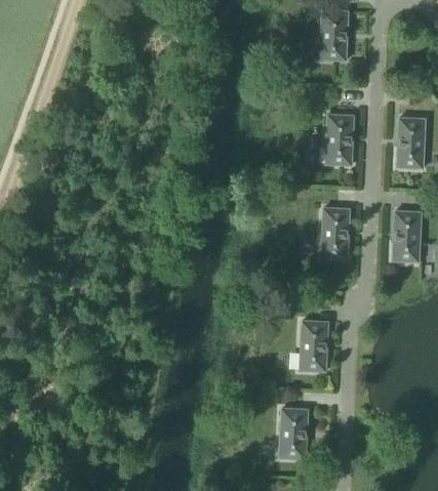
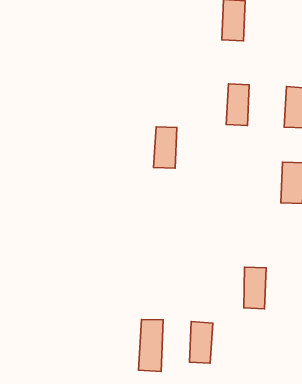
building: [320,207,349,258] -> [154,127,177,168]
building: [300,320,327,371] -> [244,267,266,309]
building: none -> [138,320,163,372]

